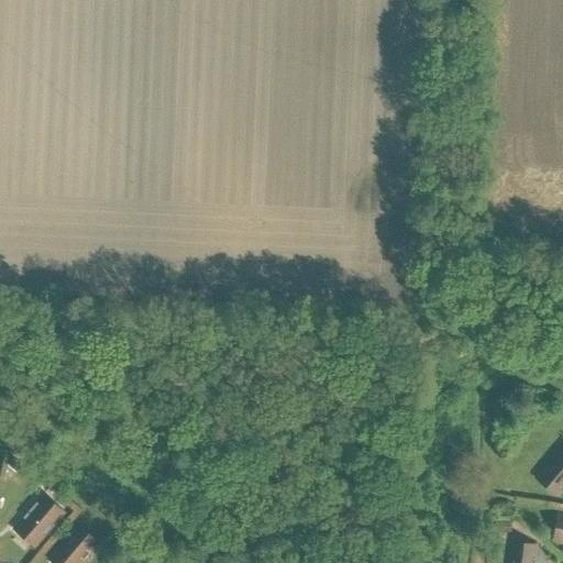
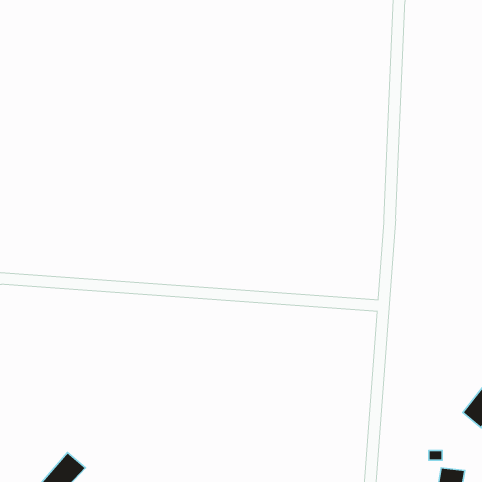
building: [20,498,69,550] -> none

